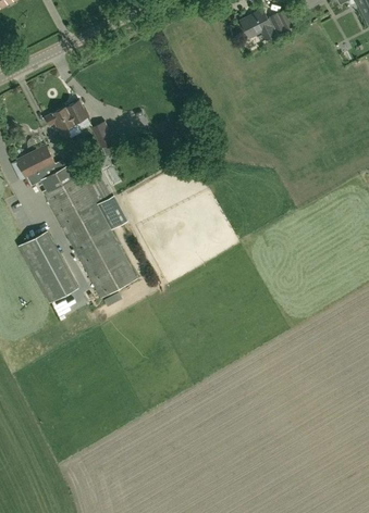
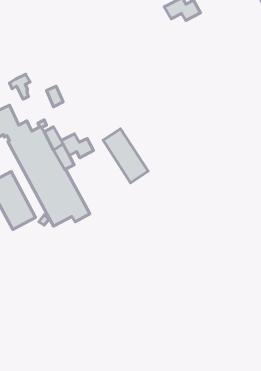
building: [65,101,90,137] -> none
building: none -> [103,129,148,183]
building: none -> [61,134,94,158]

